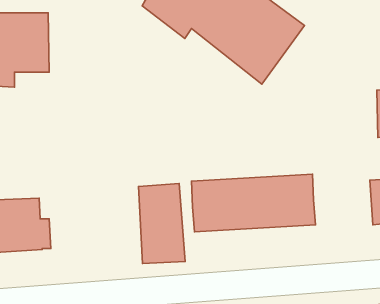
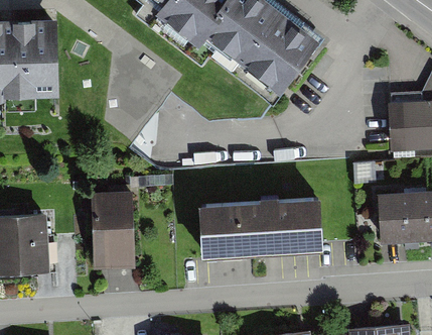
building: [138,183,185,264] -> [88,192,135,273]

